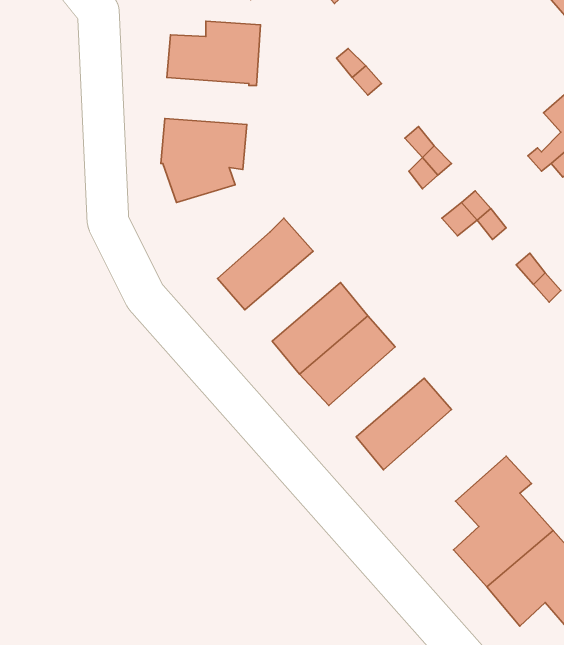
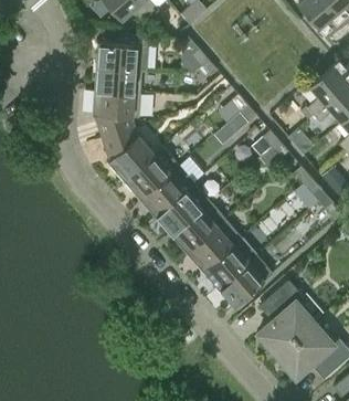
building: none -> [94,67,141,94]
building: none -> [101,128,154,181]
building: none -> [139,166,193,217]
building: none -> [187,220,241,271]
building: none -> [218,255,272,307]

